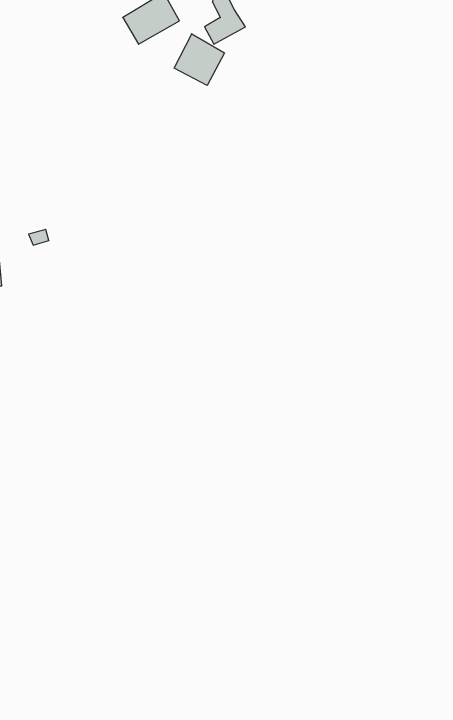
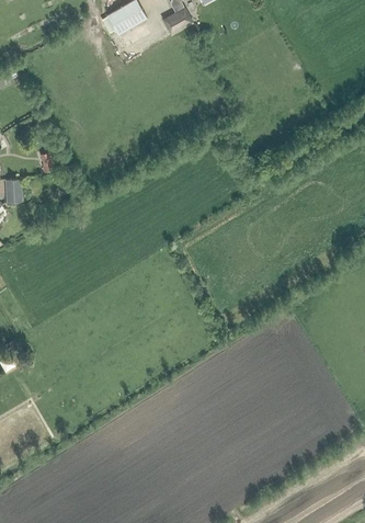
building: [174,34,225,85] -> none

